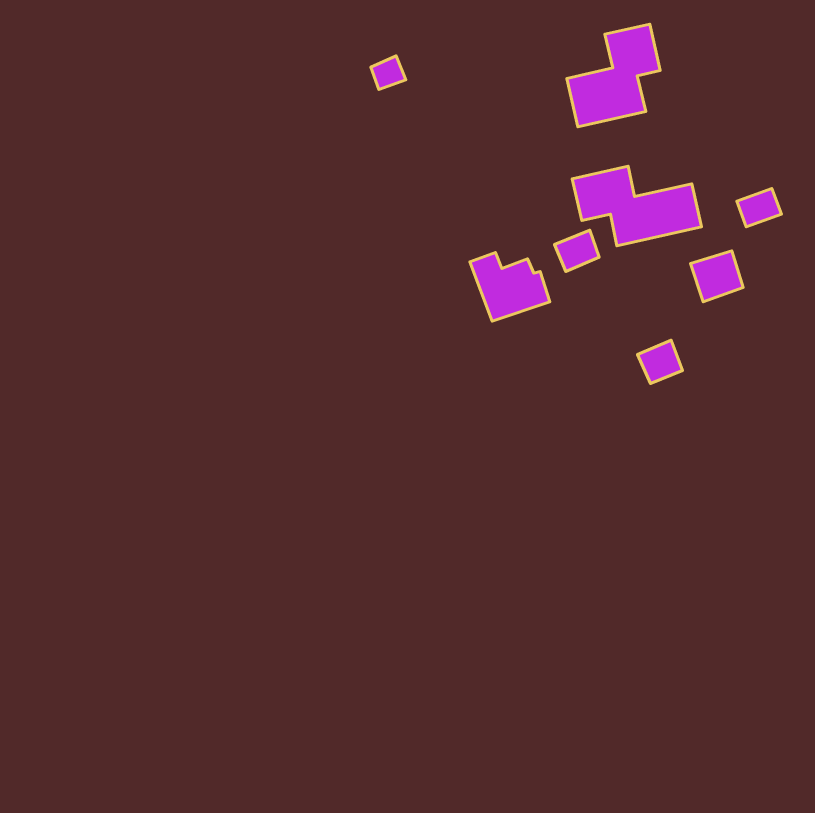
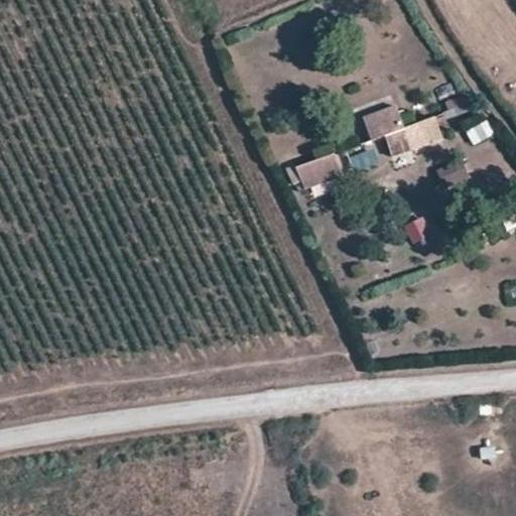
building: [567,24,660,127] -> none

